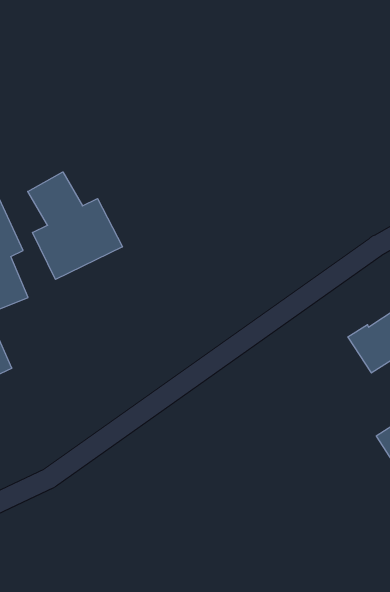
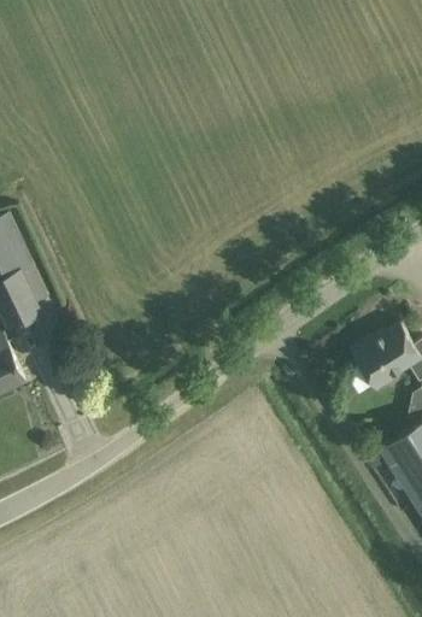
building: [28,172,122,279] -> none

